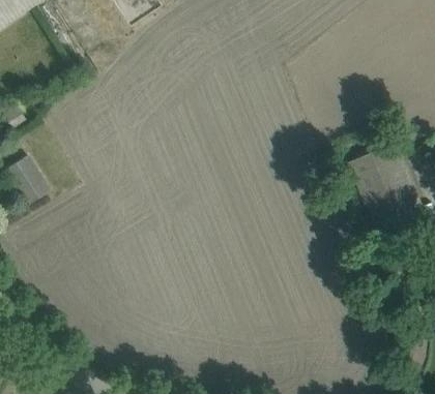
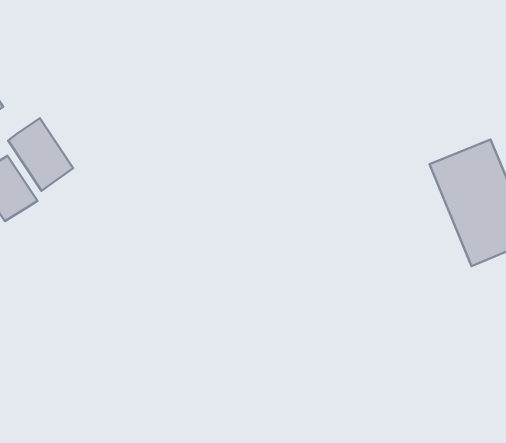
building: none -> [8,118,73,191]

